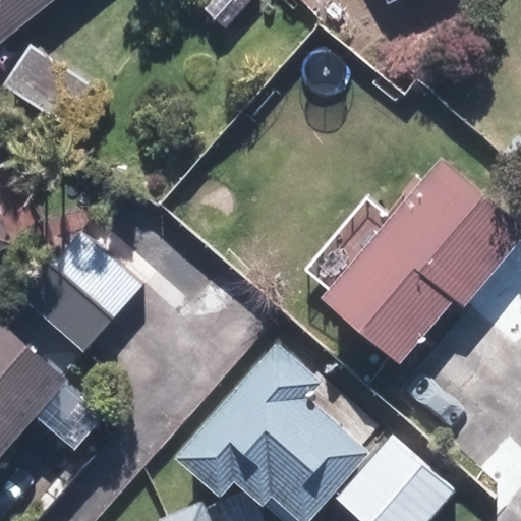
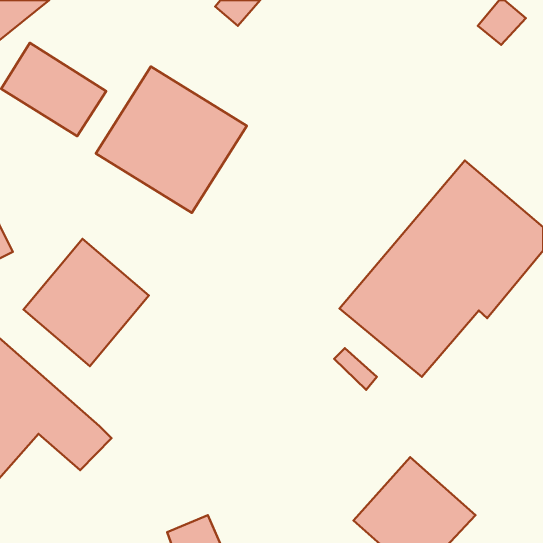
building: none -> [96,66,247,213]
building: [181,342,358,514] -> none

